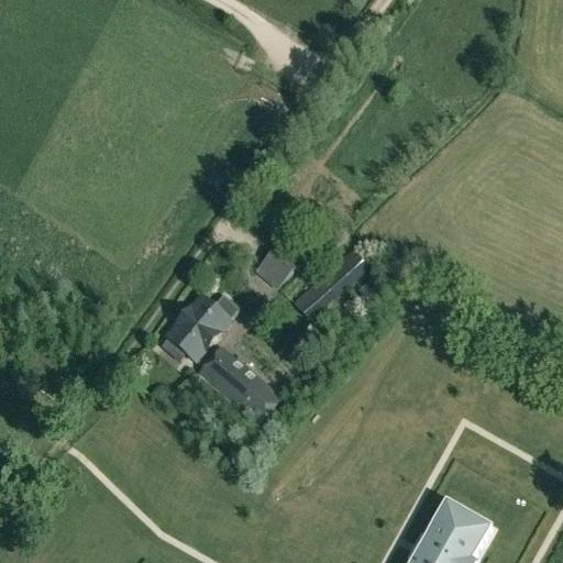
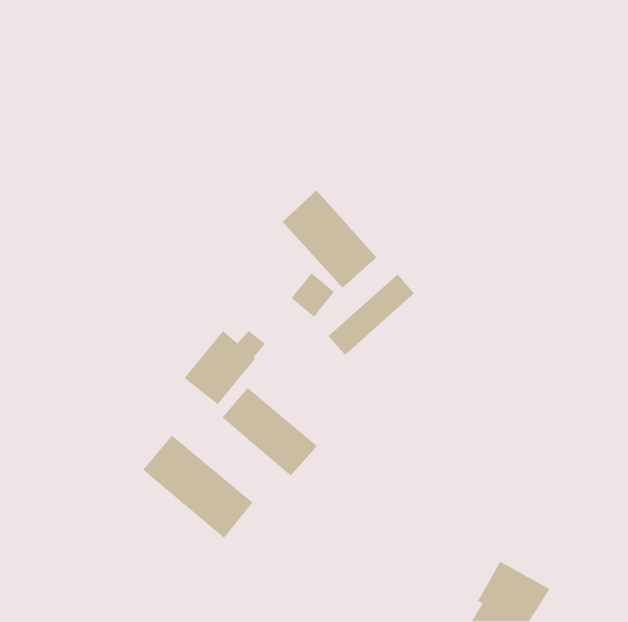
building: none -> [282,190,377,288]
building: none -> [142,435,254,539]

